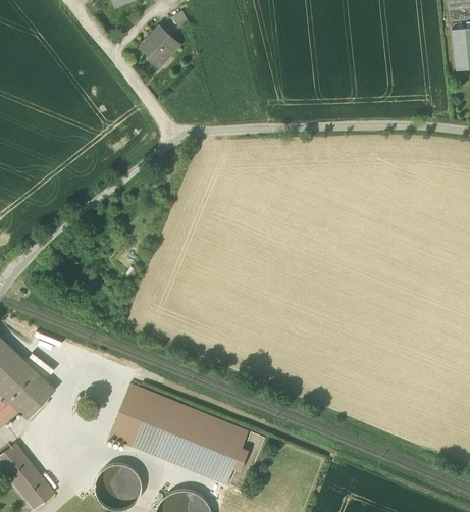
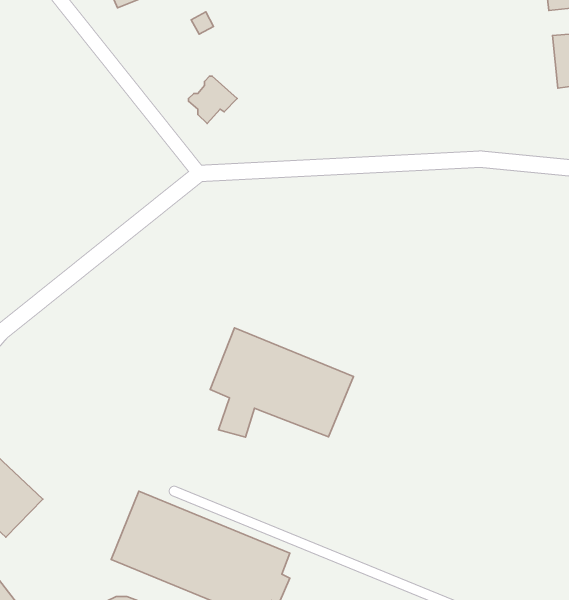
building: [143,29,180,65] -> [189,76,237,124]
building: none -> [210,328,353,437]

